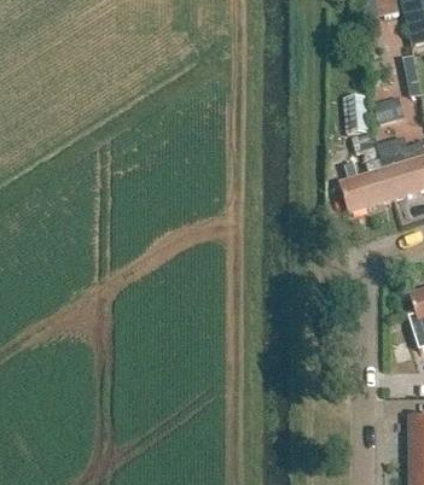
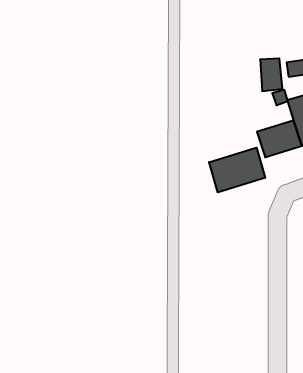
building: none -> [209,148,265,192]

